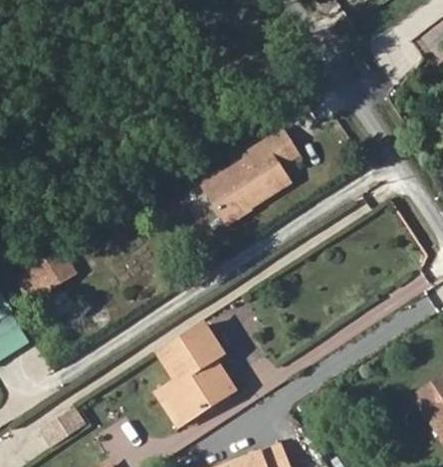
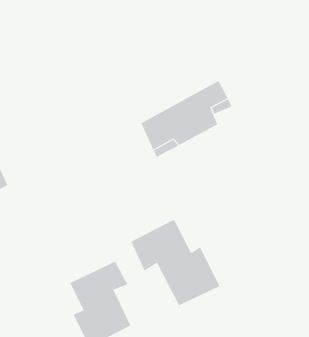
building: none -> [130,219,220,306]

